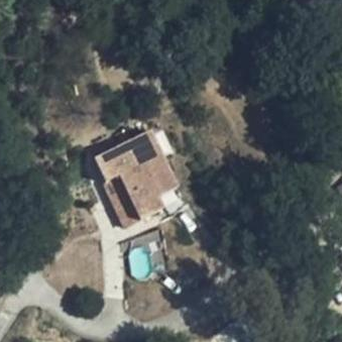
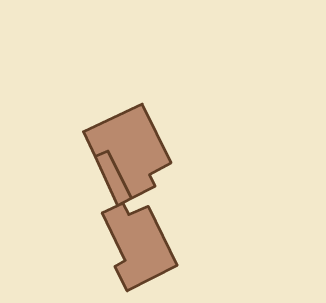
building: none -> [102,203,177,291]

